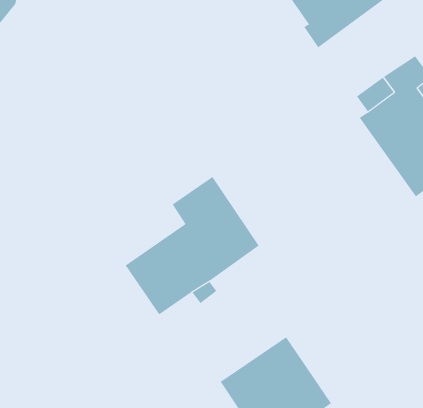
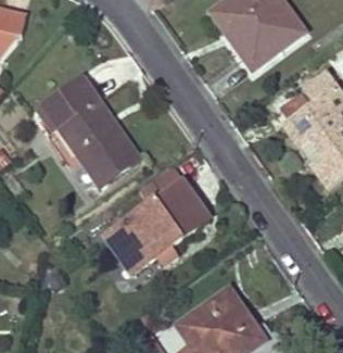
building: none -> [37,80,138,186]

